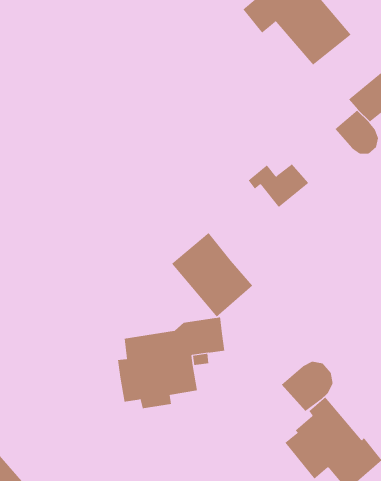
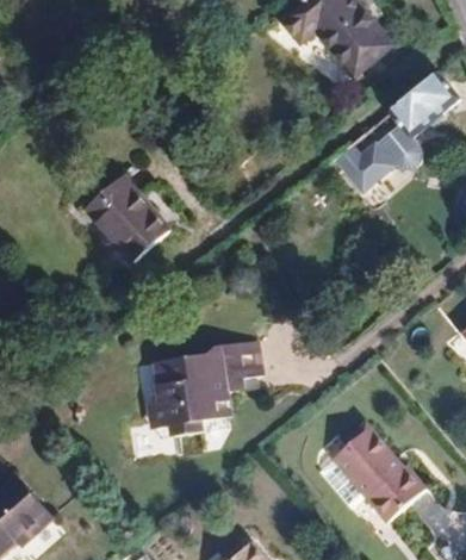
building: [248,163,309,208] -> [329,143,393,189]
building: [171,232,253,317] -> [85,174,170,263]
building: [281,361,333,412] -> none

